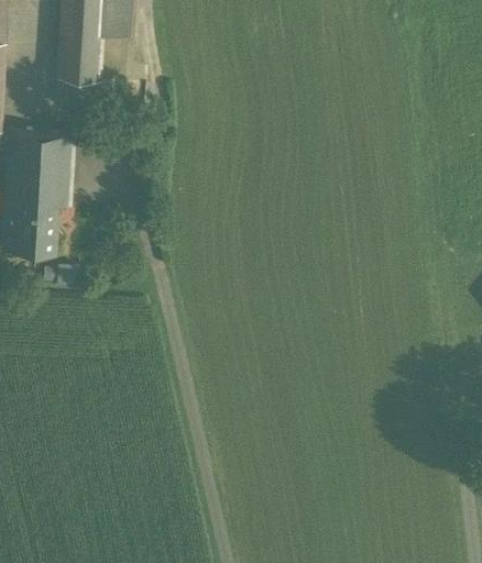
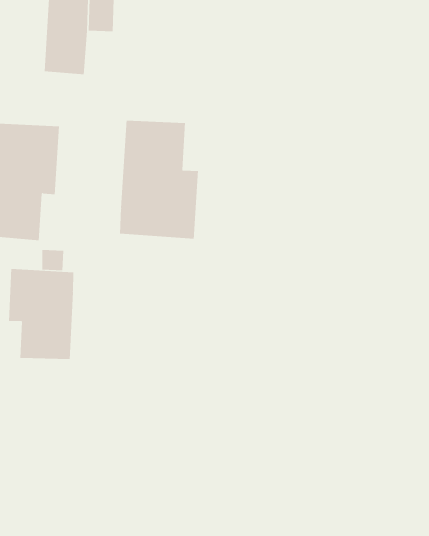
building: none -> [120,120,198,240]
building: none -> [8,268,74,360]

